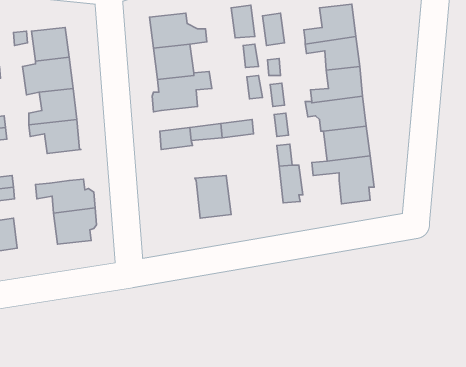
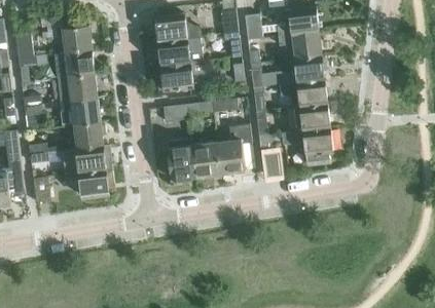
building: none -> [73,122,104,149]
building: none -> [215,124,250,174]
building: none -> [166,145,194,180]

